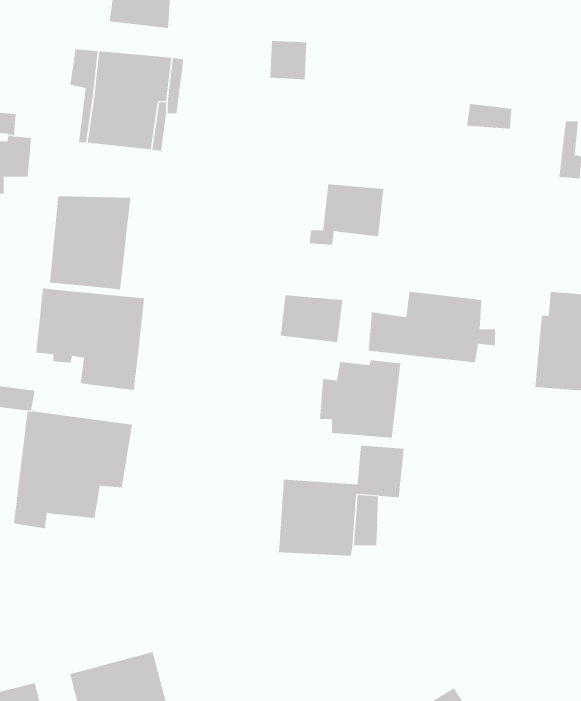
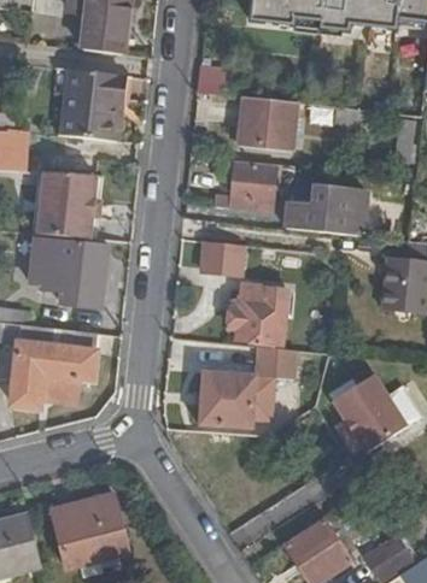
building: none -> [240,98,294,149]
building: [368,291,496,363] -> [286,186,376,236]
building: none -> [332,375,406,453]

